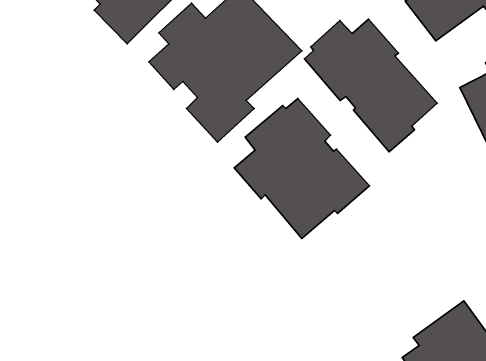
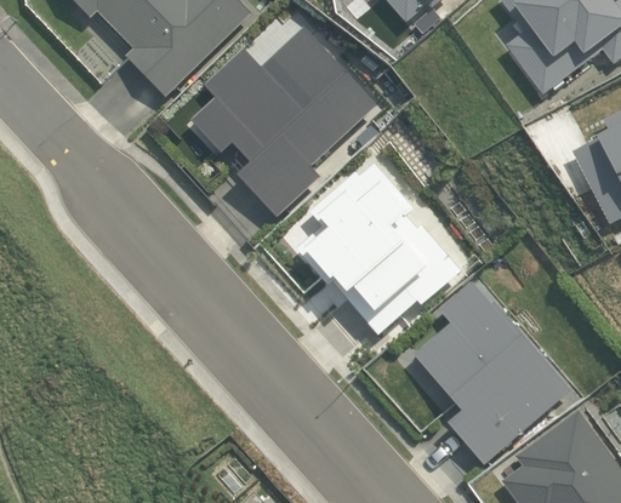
building: [305,19,437,152] -> none
building: none -> [415,279,572,463]

